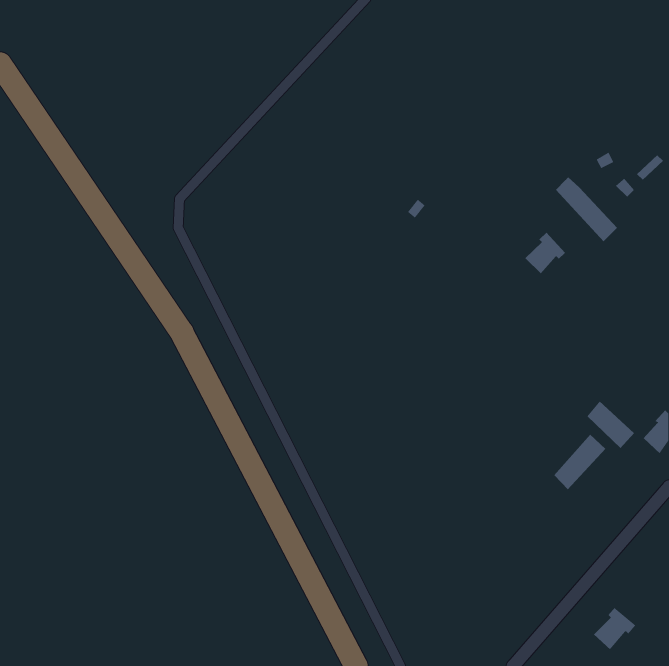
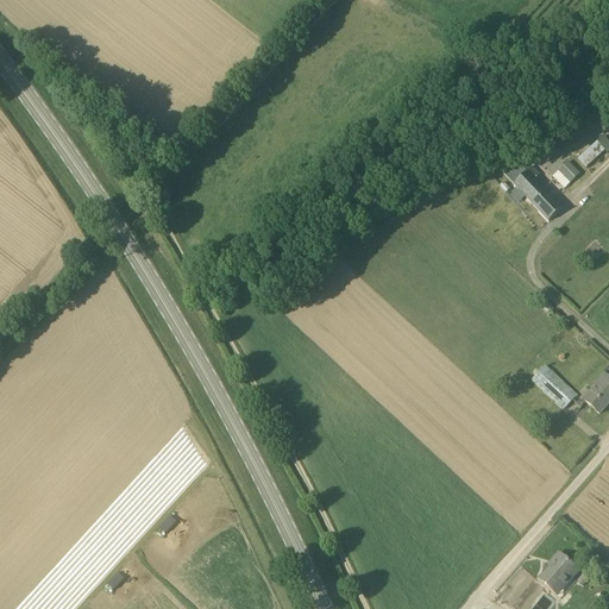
building: [524,232,566,274] -> none
building: [553,434,606,490] -> none

